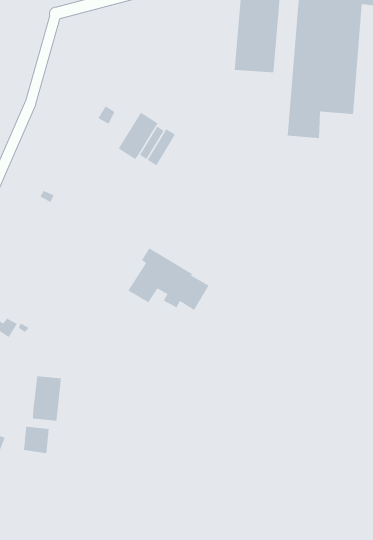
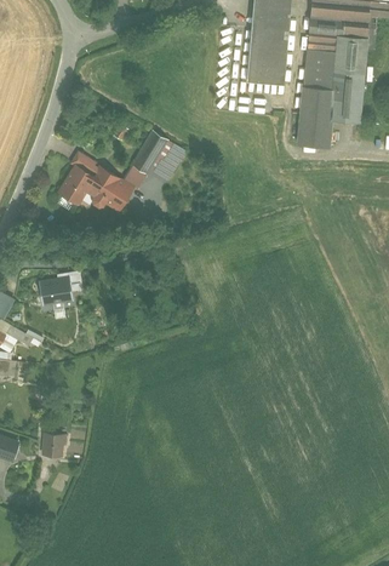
building: [127,248,210,311] -> [58,148,137,208]
building: none -> [35,281,69,313]
building: [32,376,61,421] -> none

